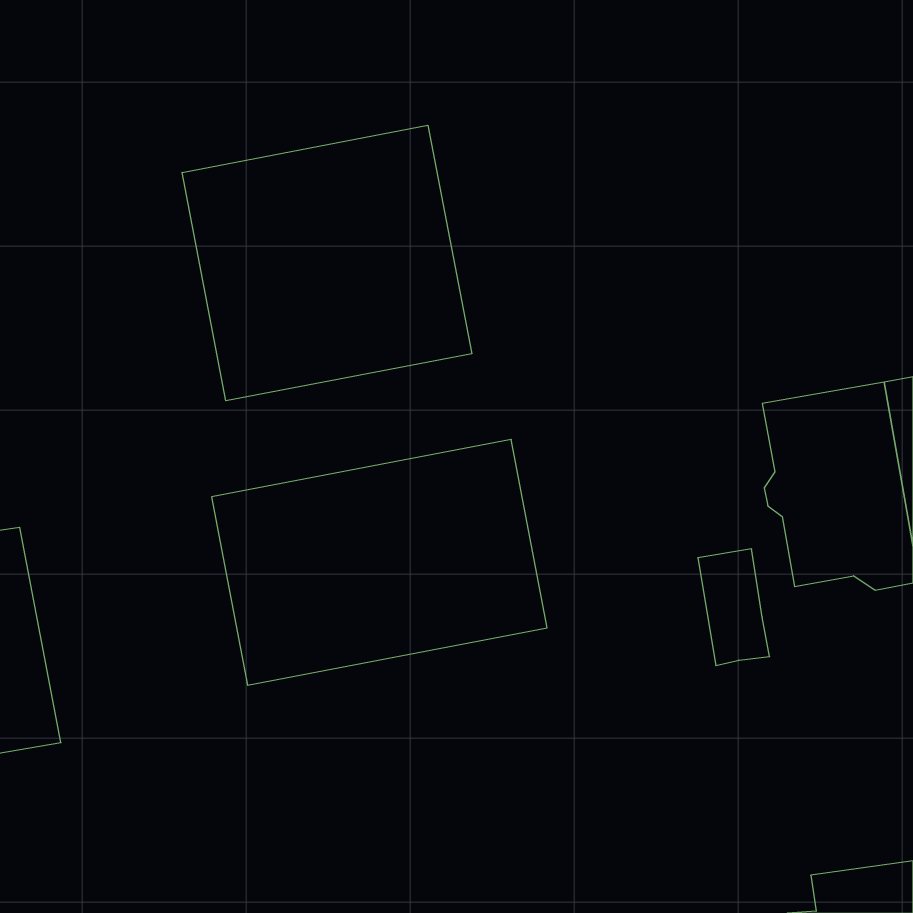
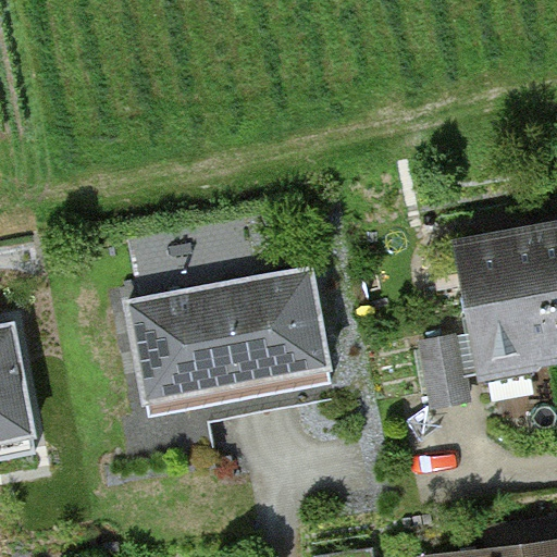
building: [182,125,472,401] -> none

